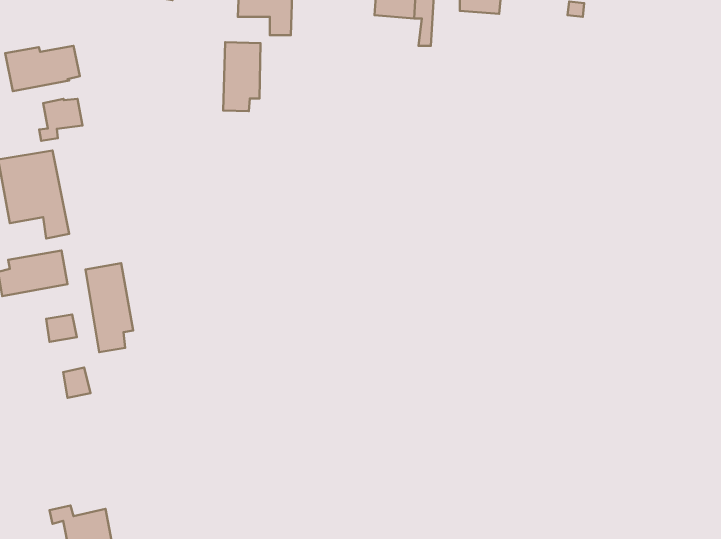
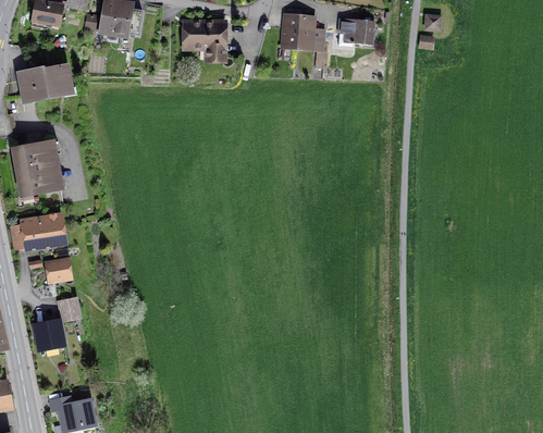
building: [223,42,260,111] -> none
building: [39,99,82,141] -> none
building: [85,263,133,352] -> none
building: none -> [35,320,63,348]

